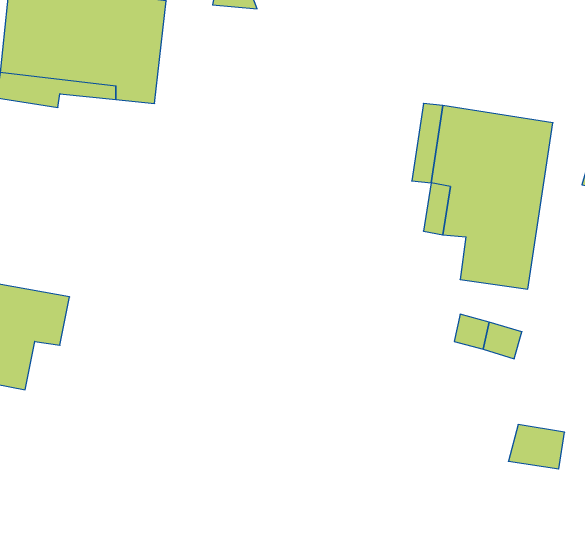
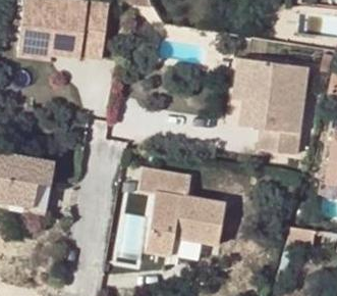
building: none -> [139,165,222,252]

